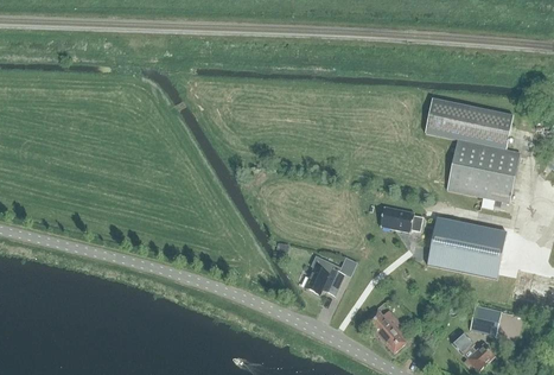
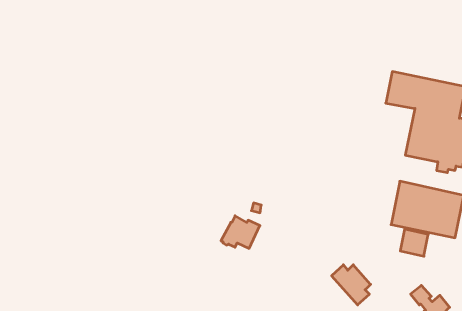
building: [378,205,421,231] -> none
building: [303,259,345,294] -> [221,216,260,248]
building: [469,305,499,335] -> [400,229,428,256]

